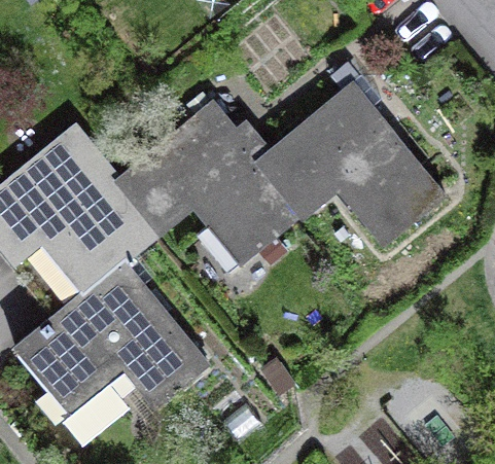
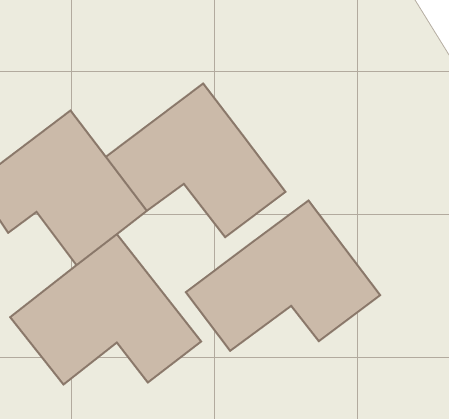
building: [251,80,447,247] -> none
building: none -> [186,200,380,351]

